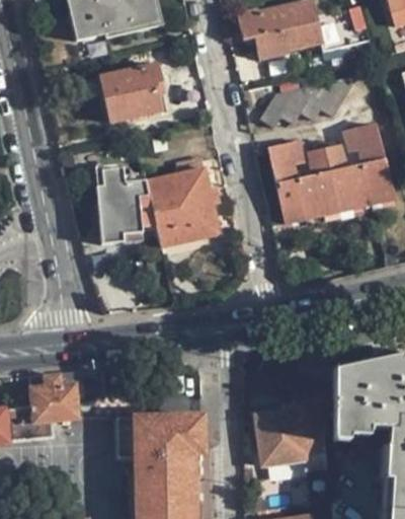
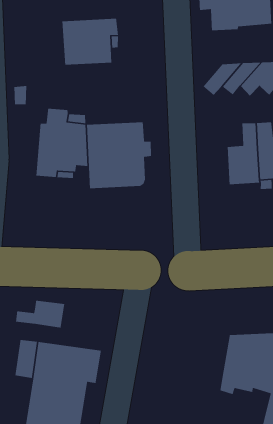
building: [268,140,307,223] -> none
building: none -> [15,300,65,329]
building: [256,400,326,469] -> none

